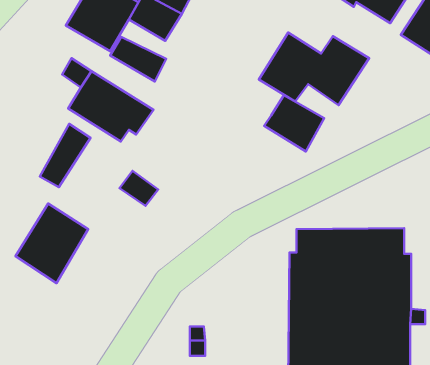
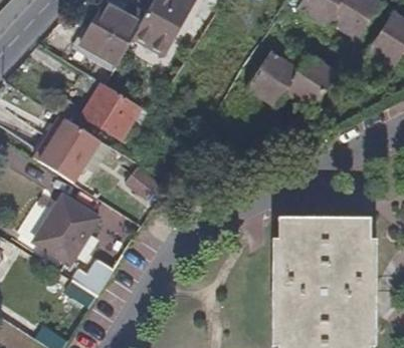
building: [110,37,166,82] -> none
building: [264,95,324,151] -> none
building: none -> [33,113,82,172]
building: none -> [71,258,115,296]

